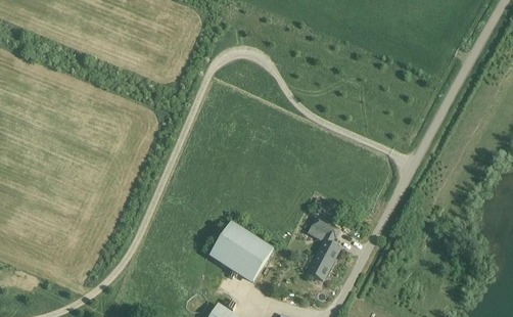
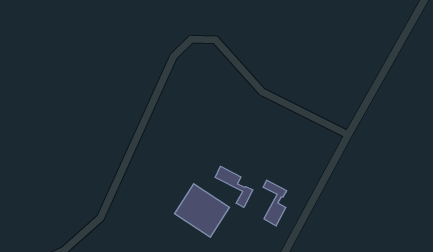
building: none -> [215,166,253,207]

